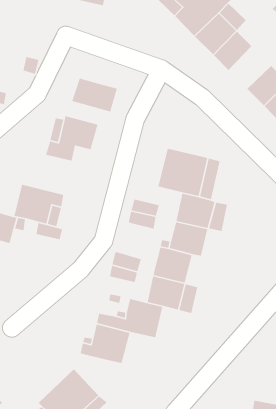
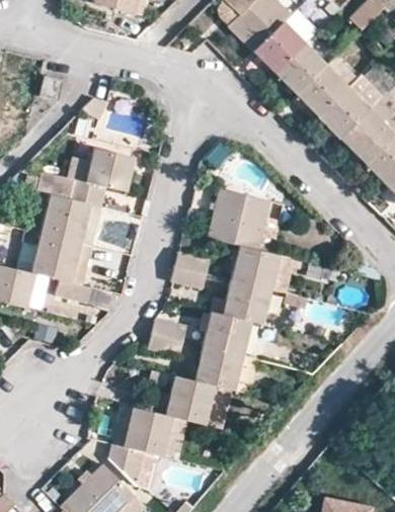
building: none -> [296,63,348,115]
building: [71,78,118,112] -> none
building: none -> [40,193,102,246]
building: none -> [108,443,145,486]

